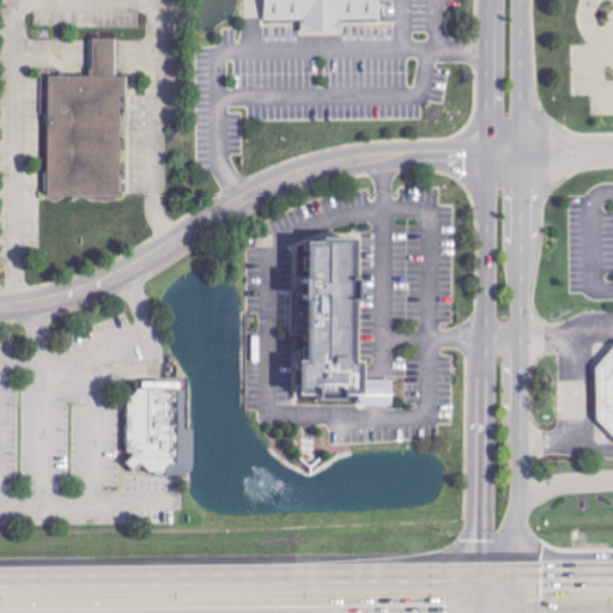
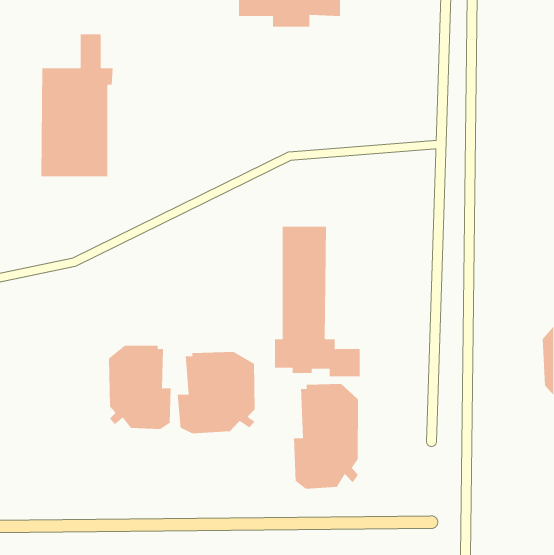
building: none -> [177,351,256,434]
building: none -> [293,383,358,490]

